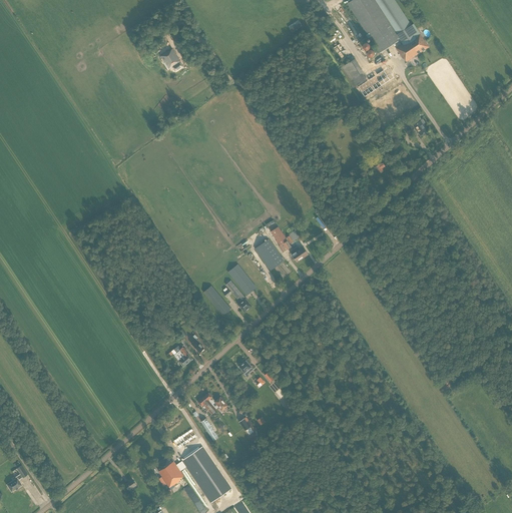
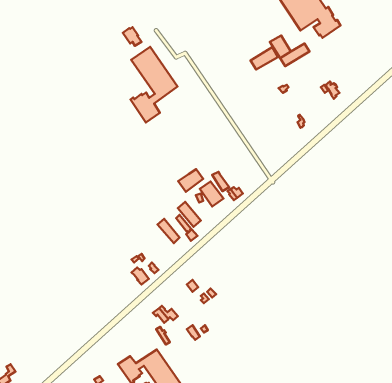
building: none -> [130,47,178,123]
building: none -> [251,47,278,70]
building: none -> [178,169,203,192]

